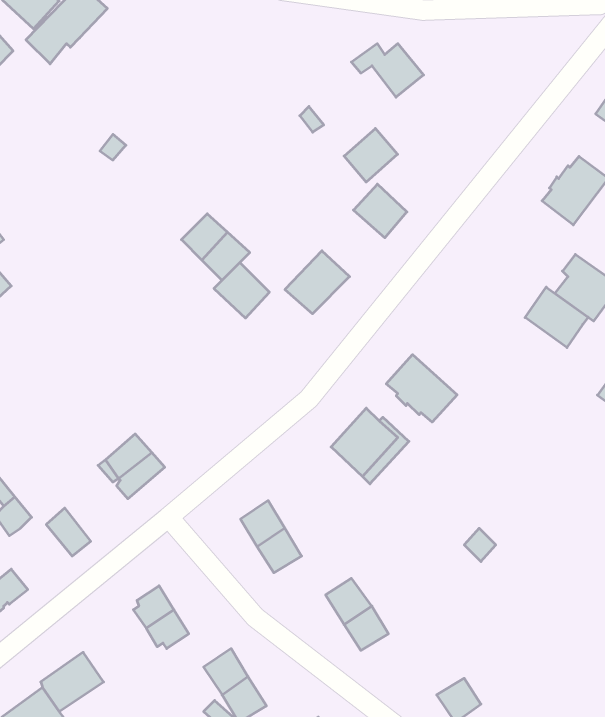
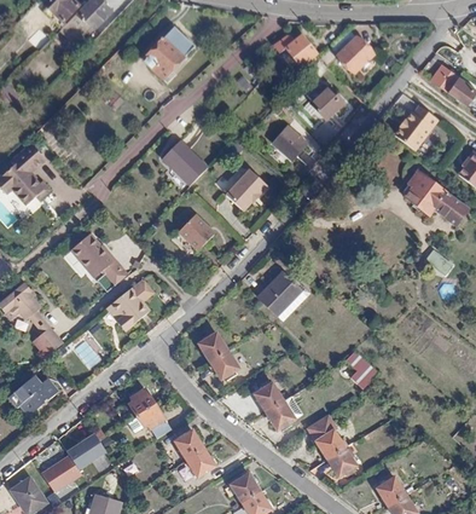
building: none -> [143,25,195,79]
building: none -> [320,30,373,73]
building: [344,128,398,182] -> [309,85,344,120]
building: [214,263,269,318] -> [176,215,213,252]
building: [525,287,588,348] -> none
building: none -> [68,235,110,277]
building: [386,355,457,422] -> none
building: none -> [307,415,344,458]

